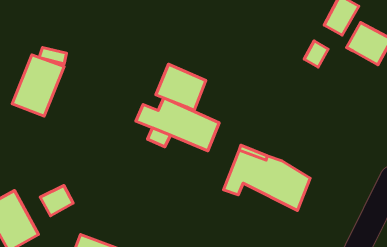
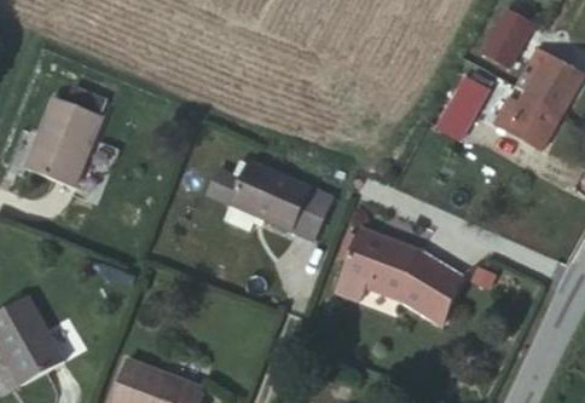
building: none -> [496,92,561,148]
building: [156,64,206,110] -> none
building: [40,185,73,216] -> none

